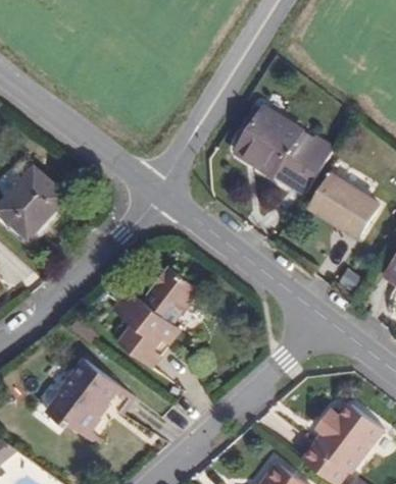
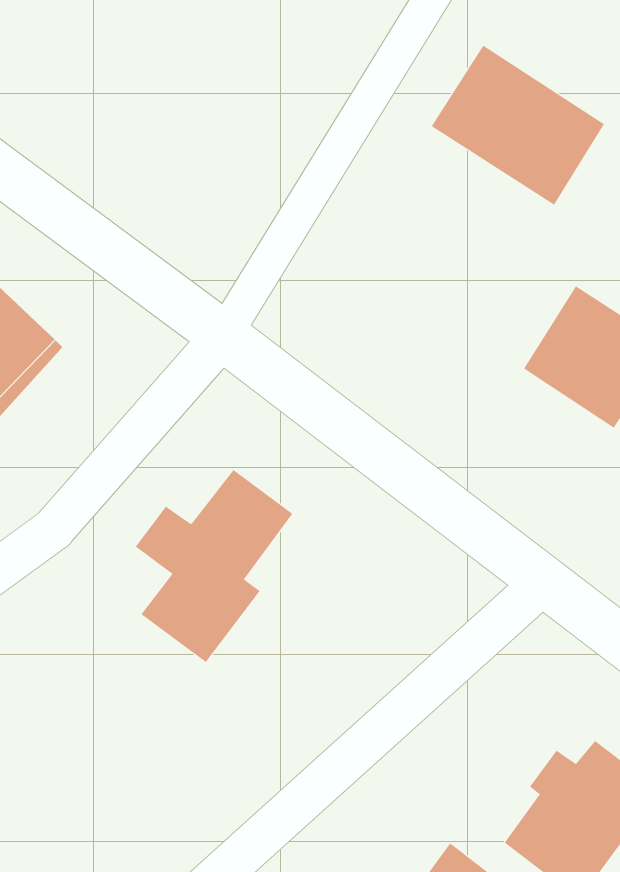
building: [239,111,331,196] -> [431,45,605,206]
building: [44,361,113,434] -> none

